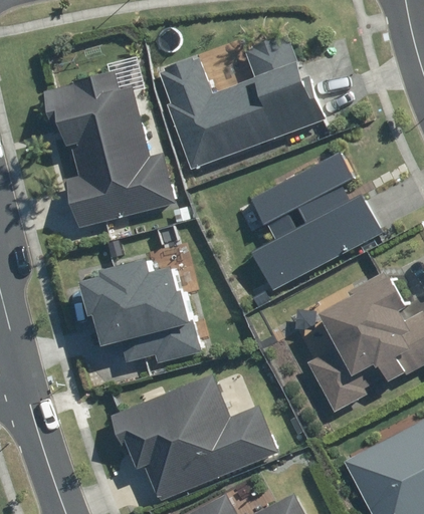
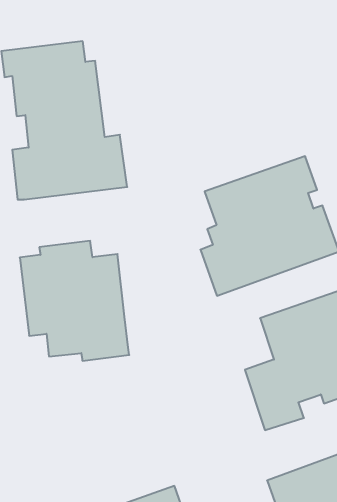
building: [155,33,320,171] -> none
building: [113,377,277,500] -> none

